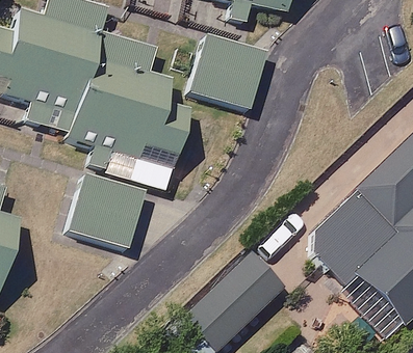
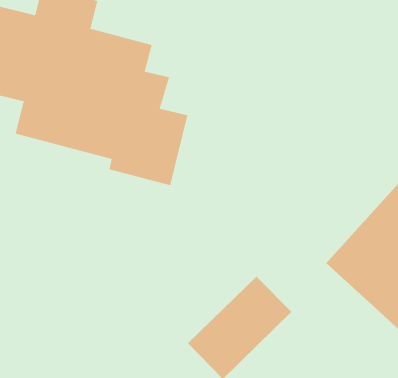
building: [191,39,263,107] -> none
building: [72,179,143,248] -> none

